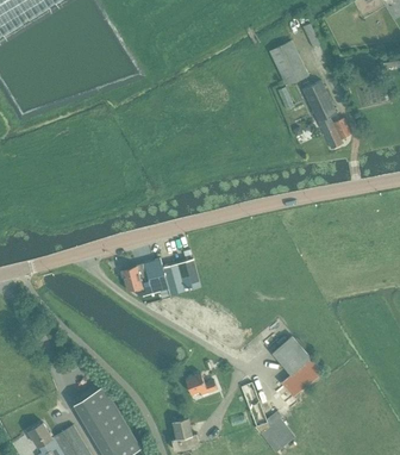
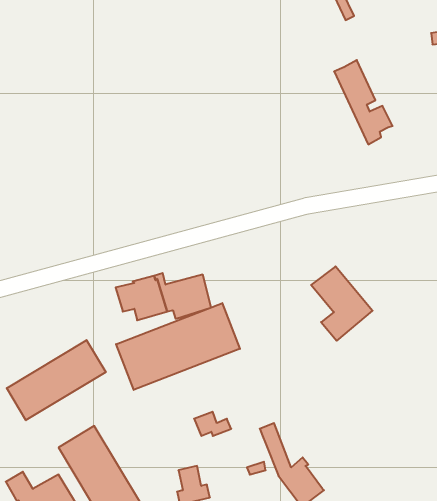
building: [268,39,307,85] -> none
building: none -> [116,303,240,390]
building: none -> [7,340,106,420]
building: [270,335,321,397] -> [311,266,373,341]

